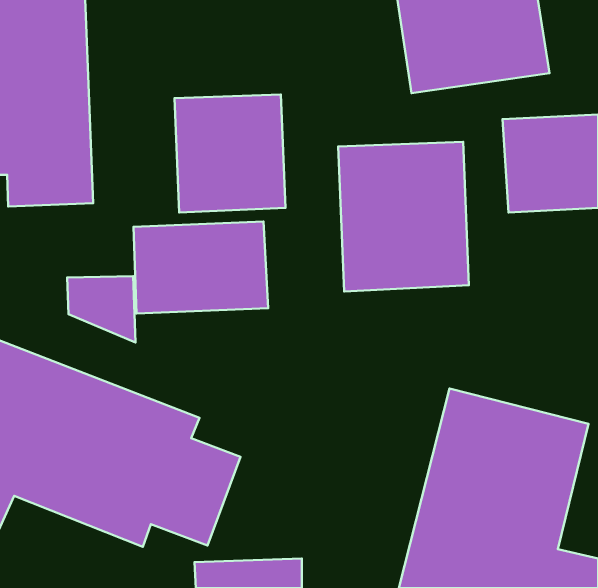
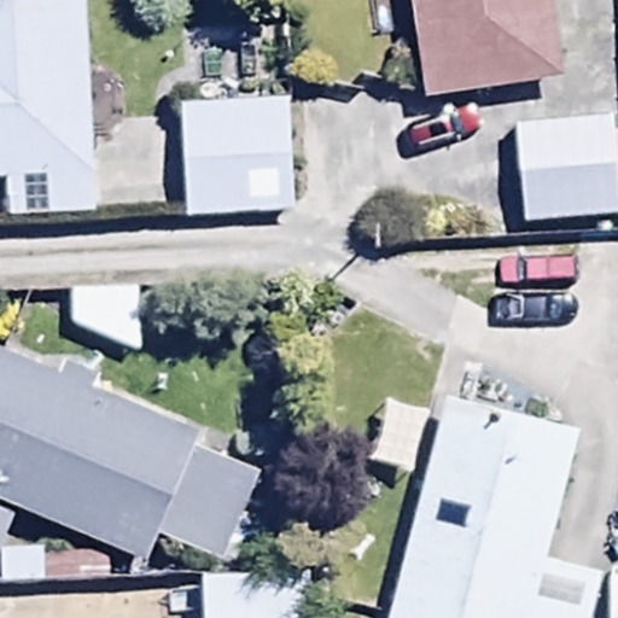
building: [338,142,469,292] -> none
building: [133,222,268,313] -> none

